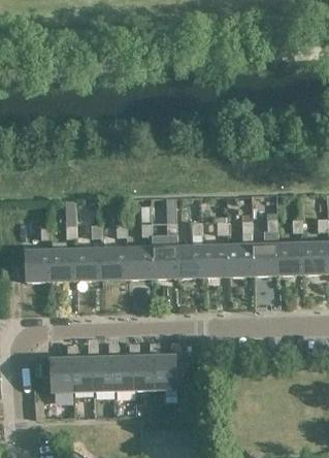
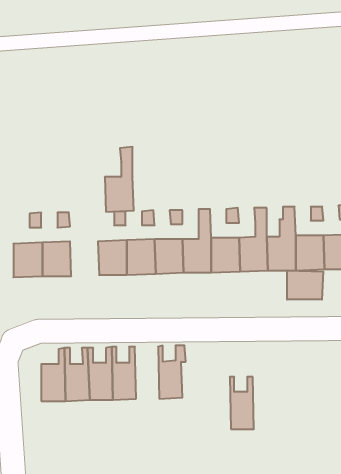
building: [75,222,101,280] -> [105,147,134,212]
building: none -> [287,270,323,300]
building: [133,342,155,389] -> [230,377,254,429]

